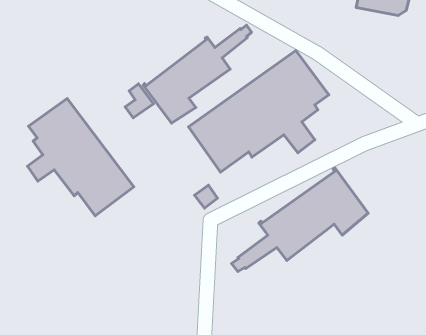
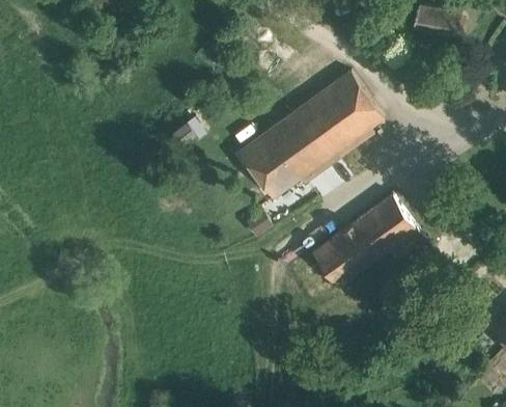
building: [143,25,252,123] -> none
building: [27,98,134,216] -> none

